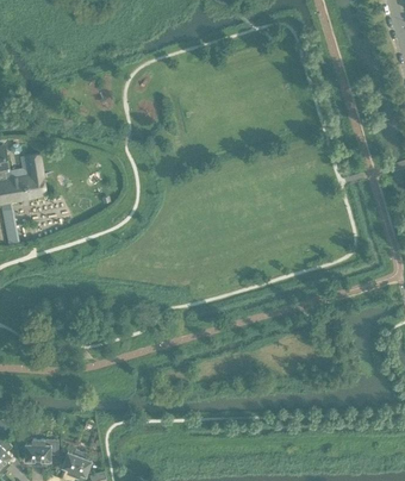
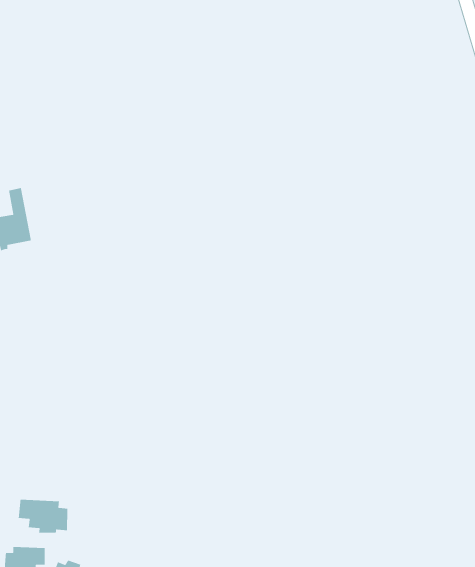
building: none -> [18,499,68,534]

